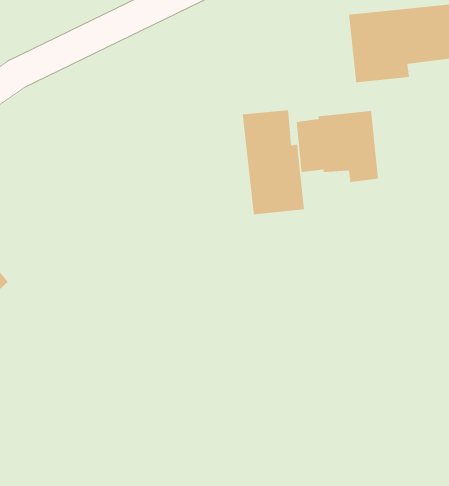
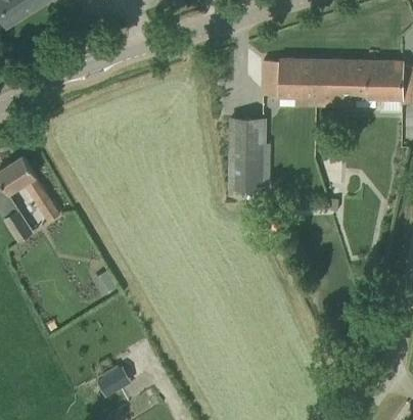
building: [296,110,379,183] -> [262,58,316,107]

